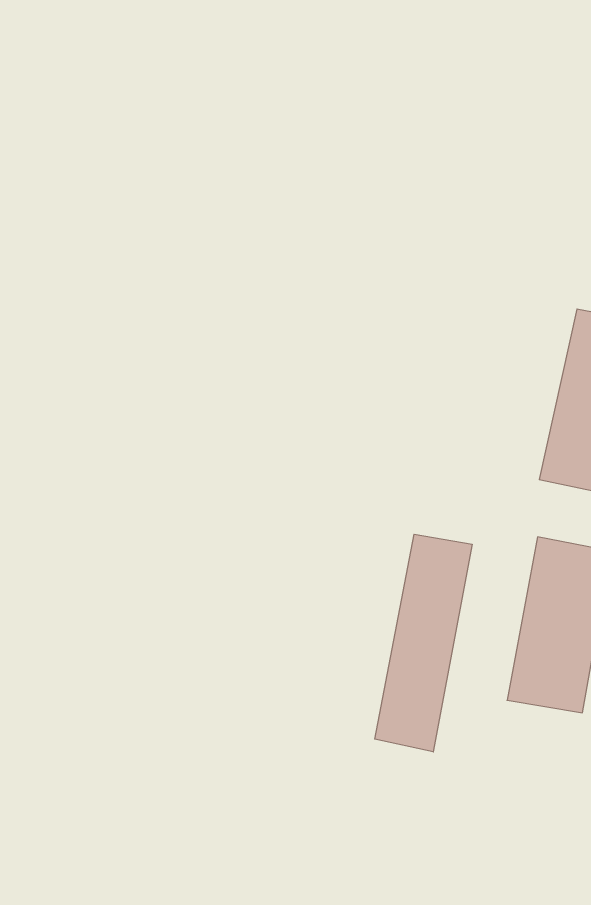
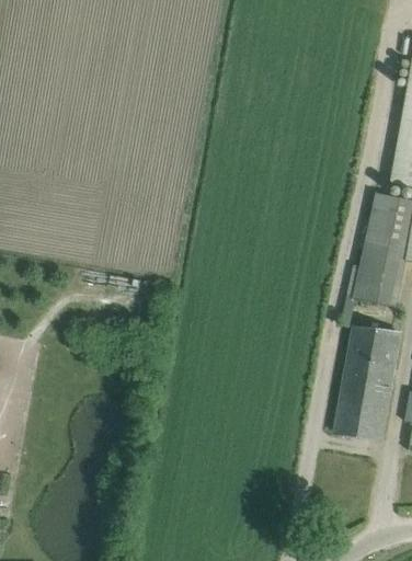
building: [375,534,472,752] -> none

